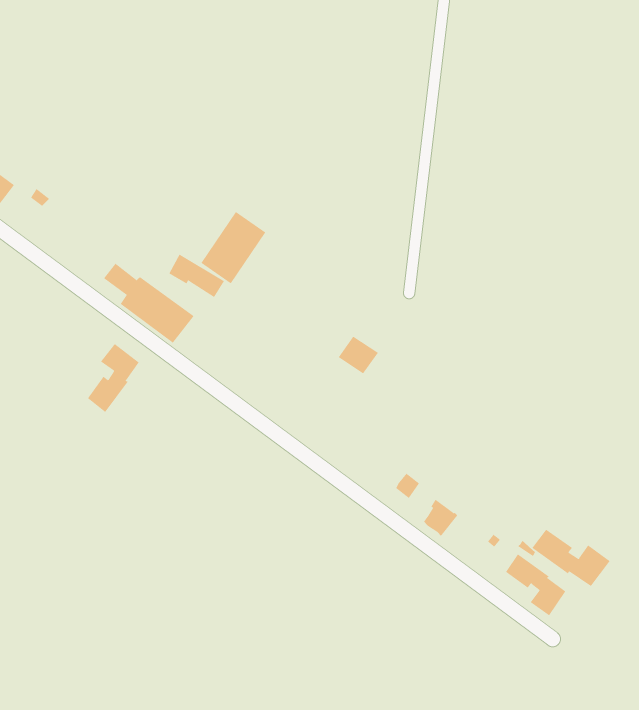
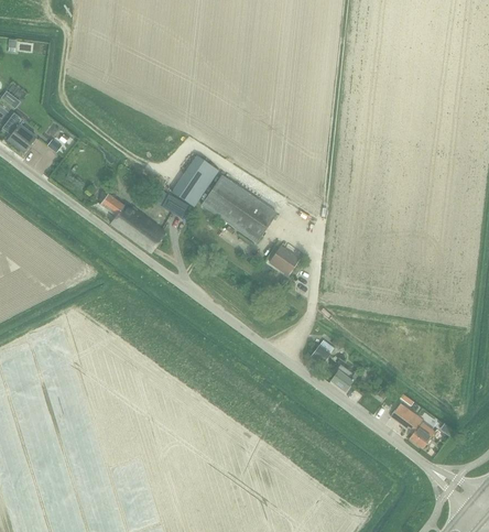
building: none -> [203,174,278,241]
building: [87,343,140,413] -> none
building: [531,529,610,587] -> none

